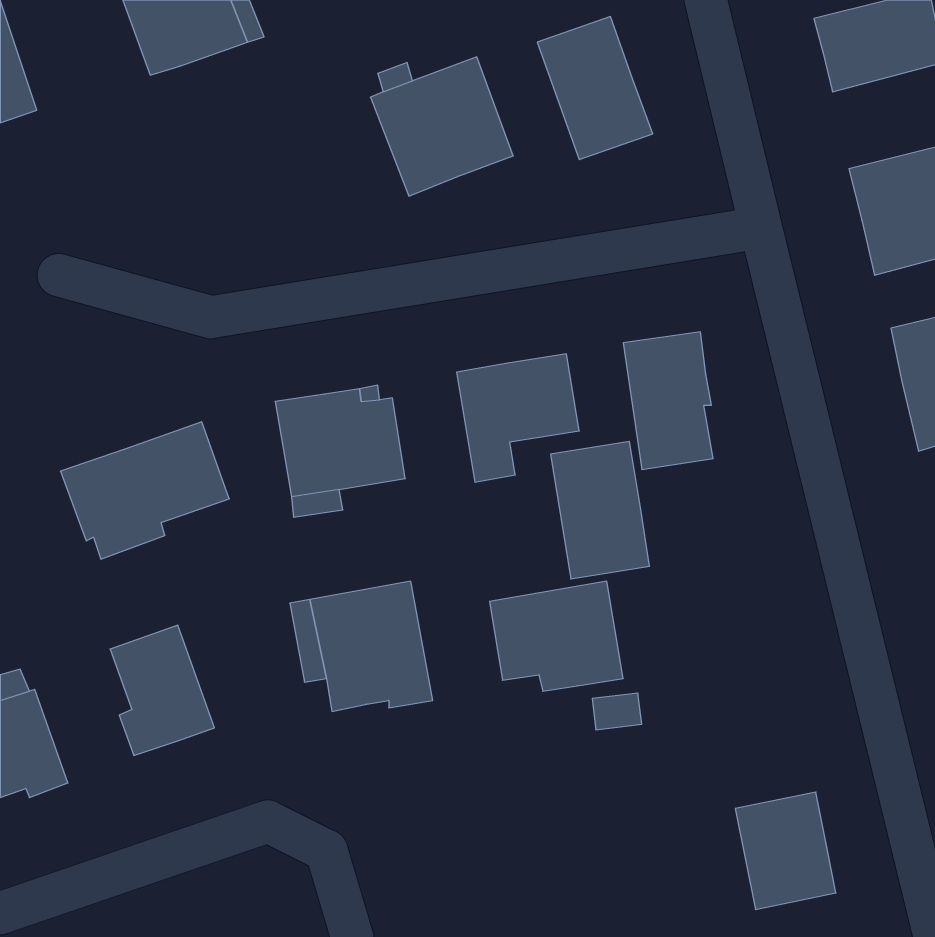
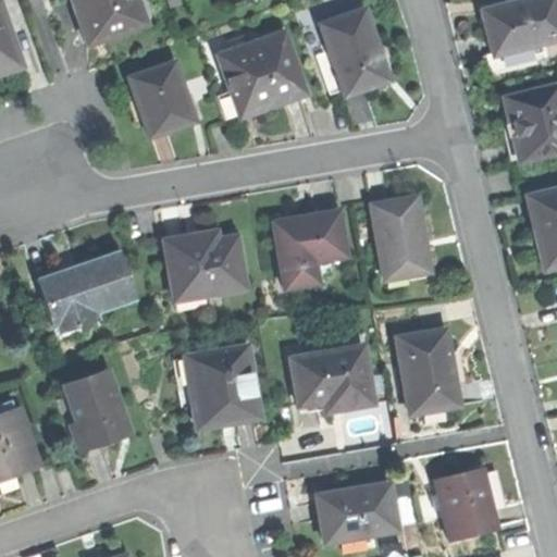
building: none -> [132,63,197,136]
building: [551,441,650,579] -> [398,327,457,409]
building: none -> [318,480,397,542]

